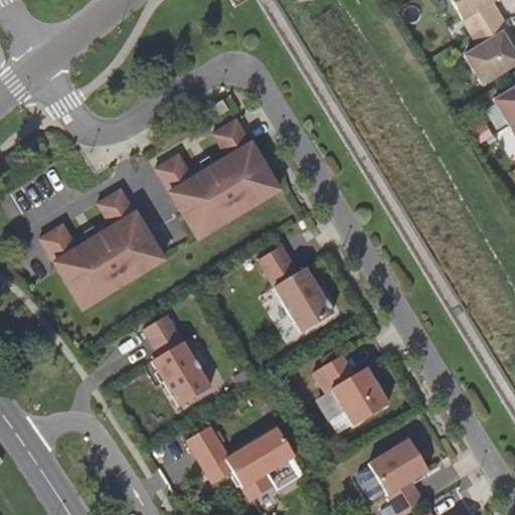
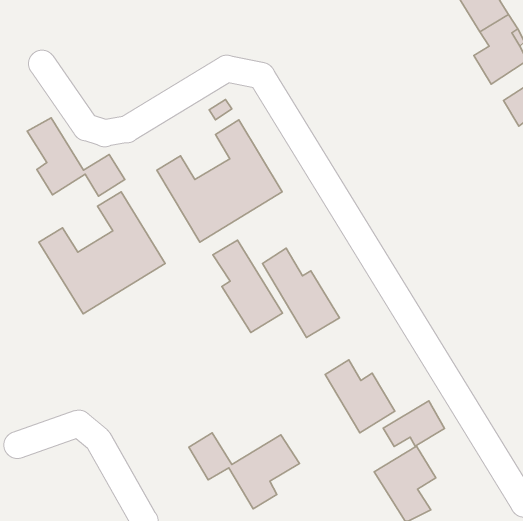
building: none -> [27,118,125,196]
building: [143,314,211,404] -> [213,240,282,333]
building: none -> [383,401,445,447]

